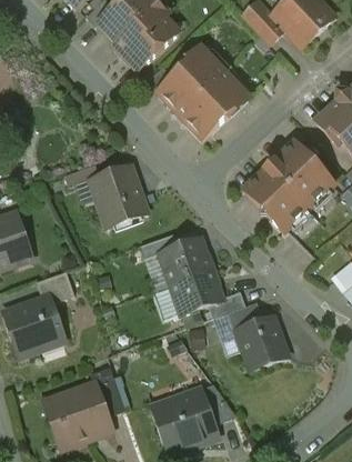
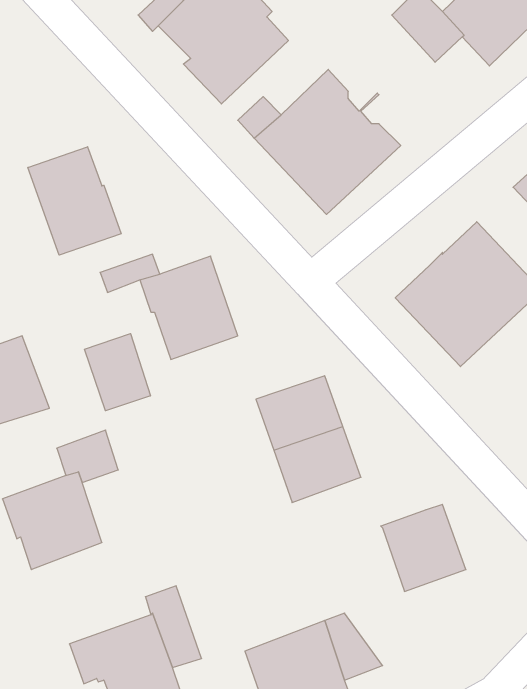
building: none -> [28,147,121,255]
building: none -> [84,334,150,411]
building: [224,301,263,332] -> none

